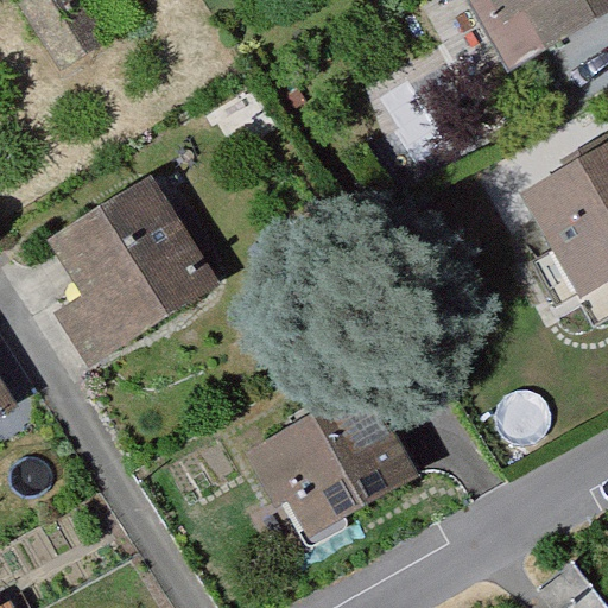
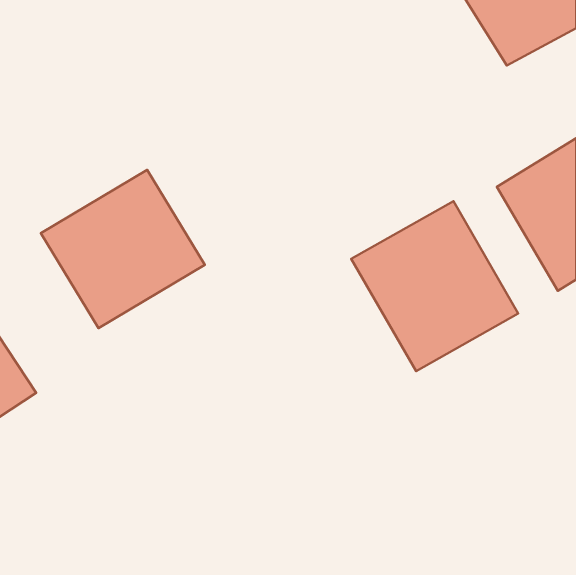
building: none -> [351,201,518,371]
building: [242,378,423,547] -> none

